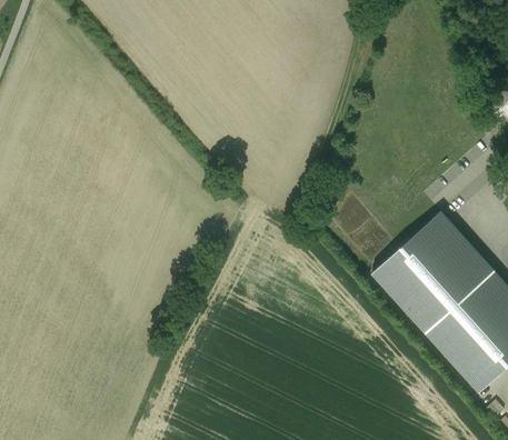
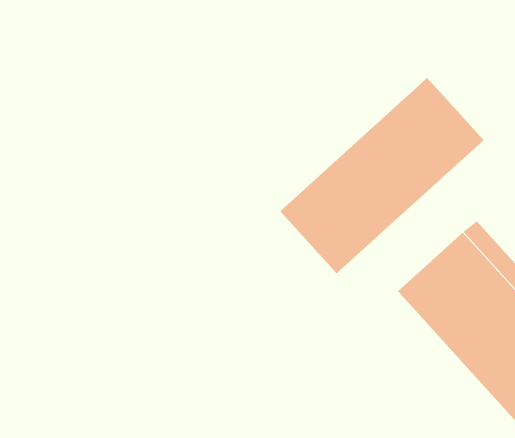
building: none -> [279,77,484,274]

